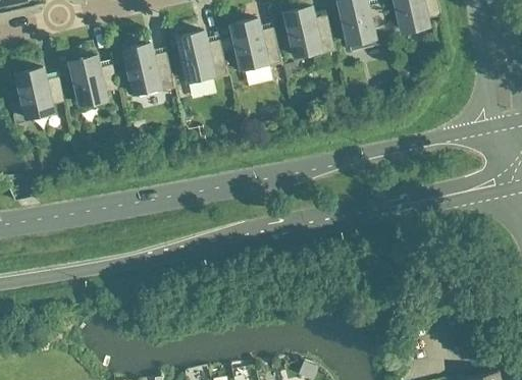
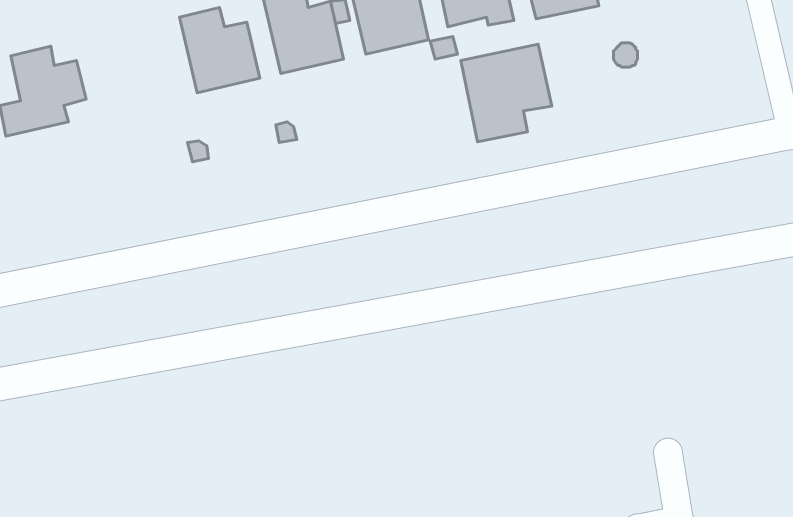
building: [69,55,118,104] -> none
building: none -> [461,44,552,142]

